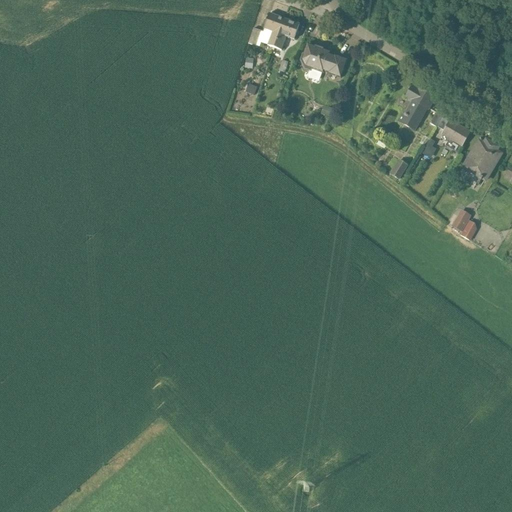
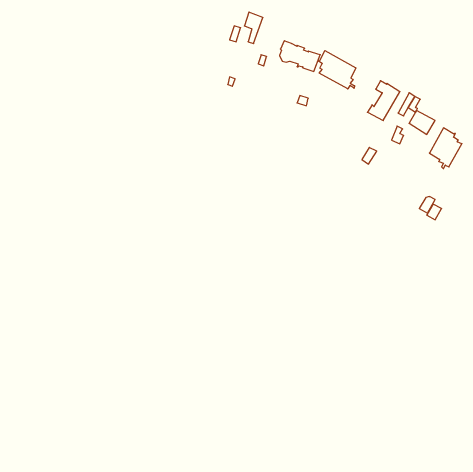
building: [274,19,299,50] -> none
building: none -> [318,51,356,89]

